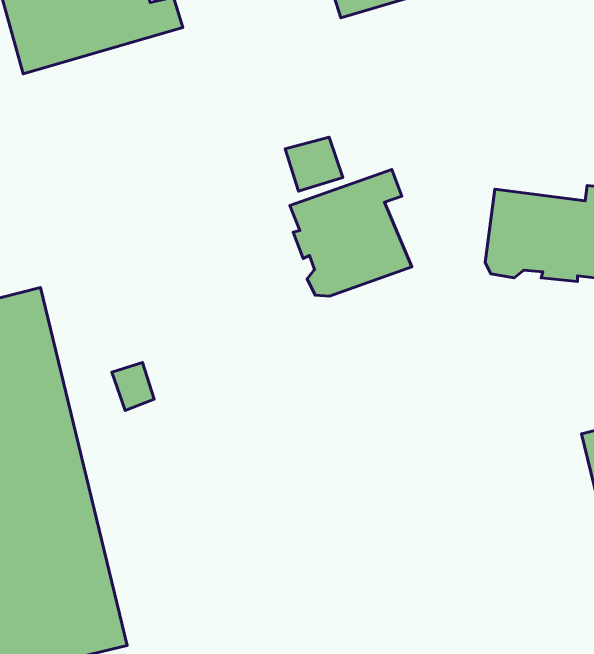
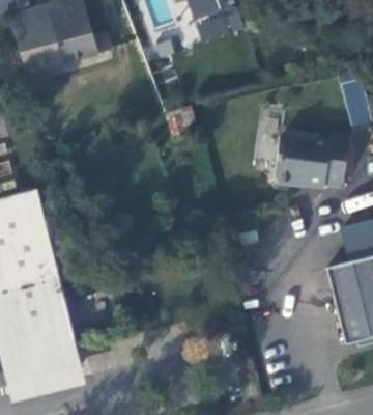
building: [290,170,412,296] -> none

